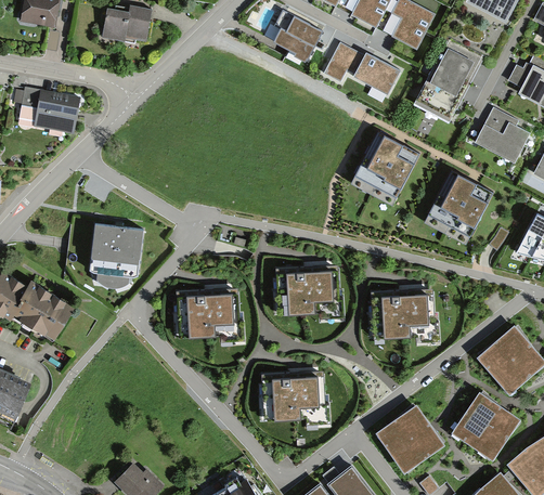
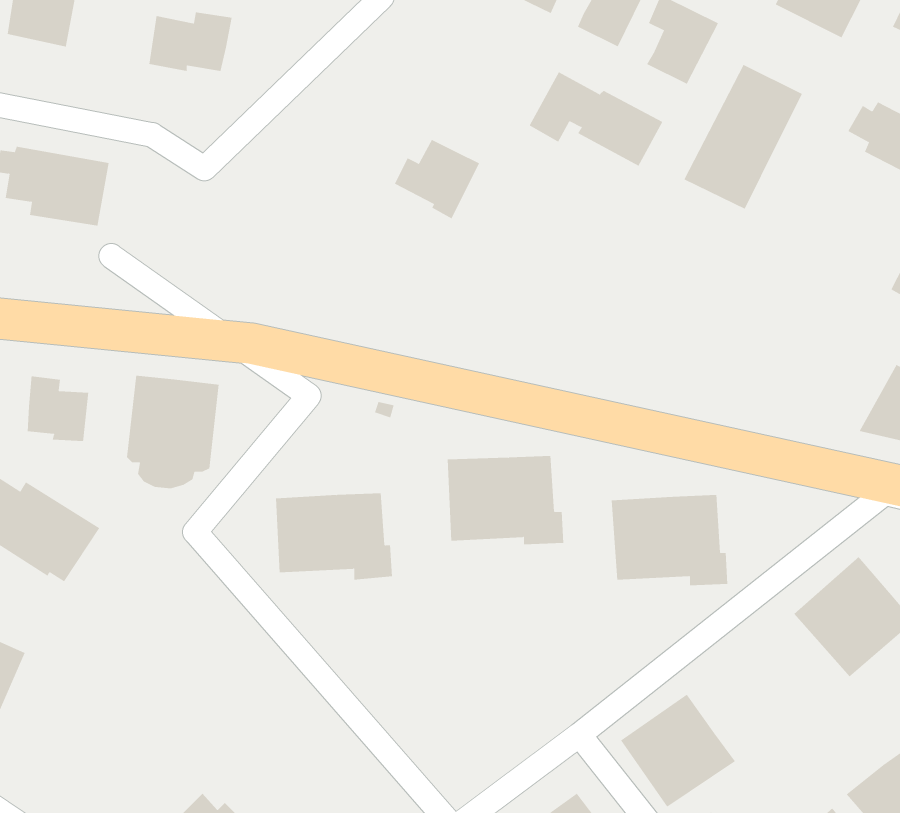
building: [273,19,323,66] -> [394,139,480,219]
building: [475,105,529,160] -> none
building: [352,128,420,200] -> none
building: [425,167,493,239] -> none
building: none -> [27,376,89,442]
building: [260,370,327,422] -> none
building: [451,392,519,459] -> none

